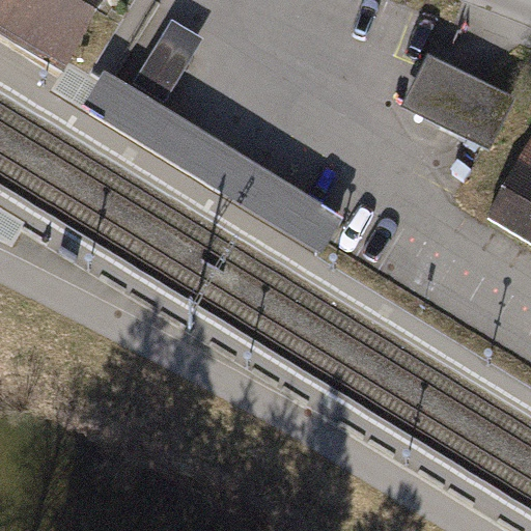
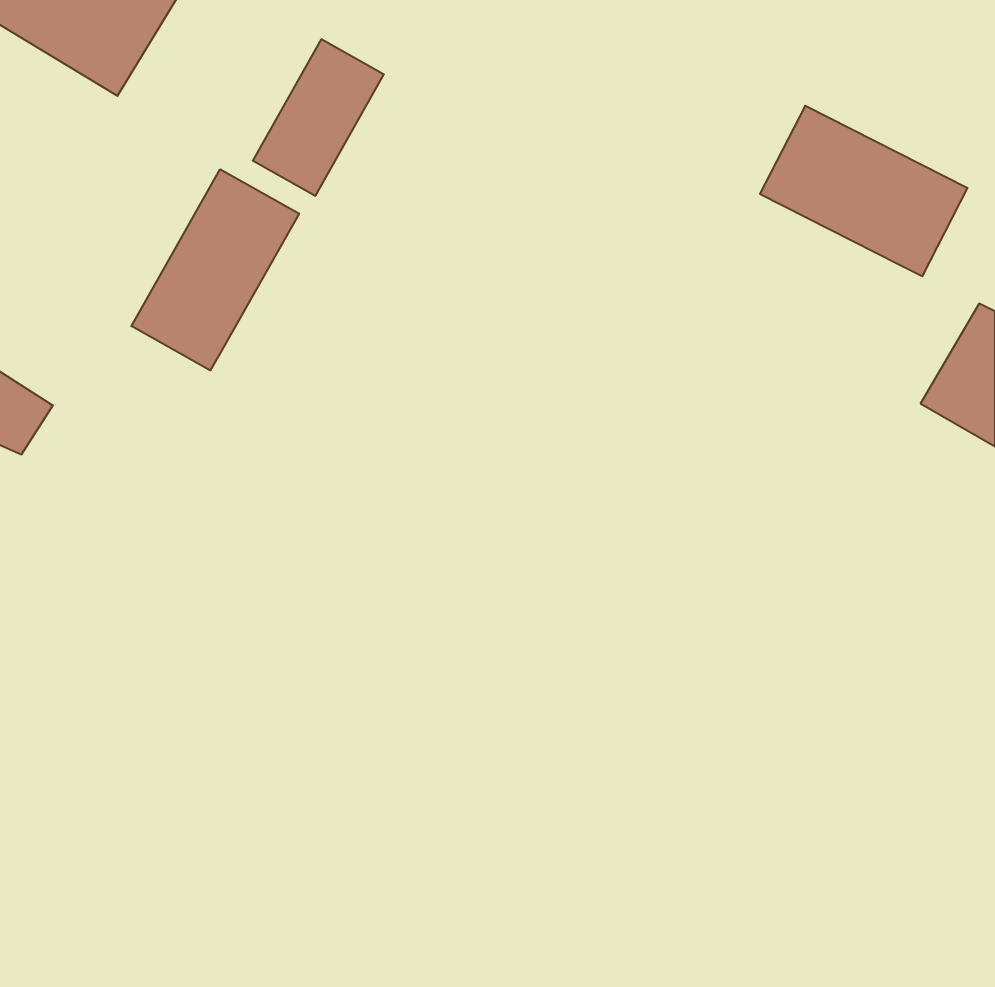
building: none -> [131,169,299,370]

